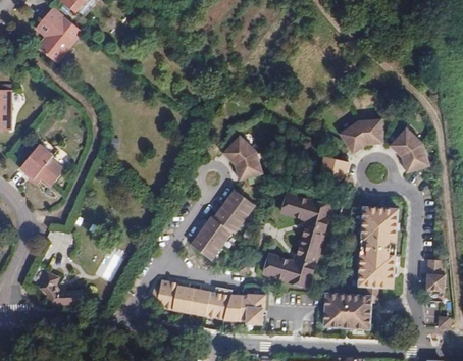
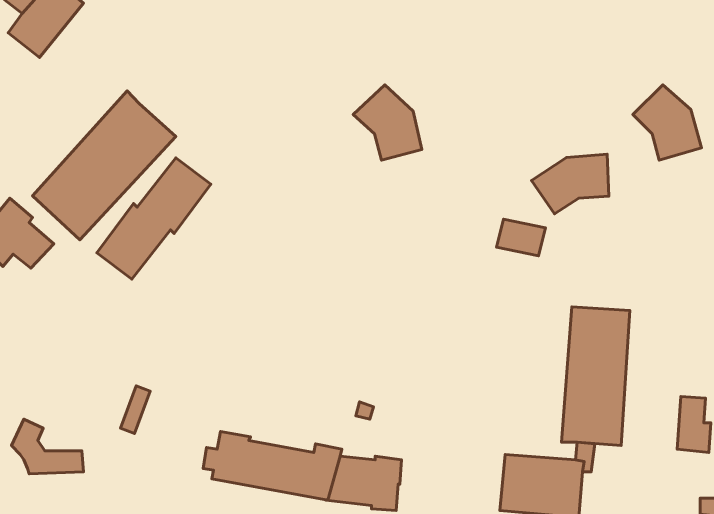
building: none -> [32,91,176,240]
building: [392,127,431,171] -> [633,85,701,160]
building: [222,137,262,181] -> [353,85,422,160]
building: [187,190,253,260] -> [97,158,211,279]
building: [262,193,330,288] -> none

